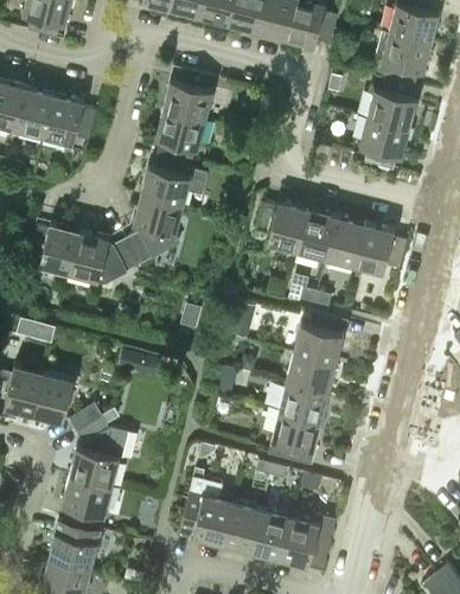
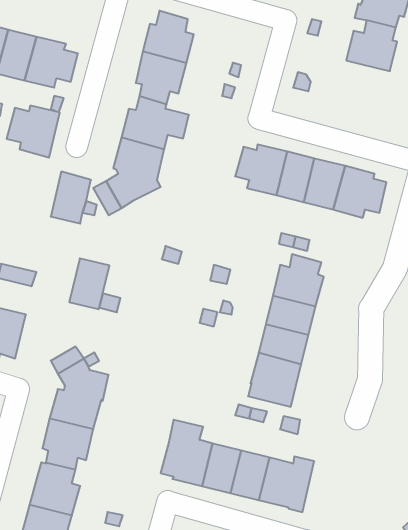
building: [358,116,410,170] -> none
building: [27,221,81,273] -> [7,106,60,158]
building: [34,371,75,422] -> [69,258,109,309]

